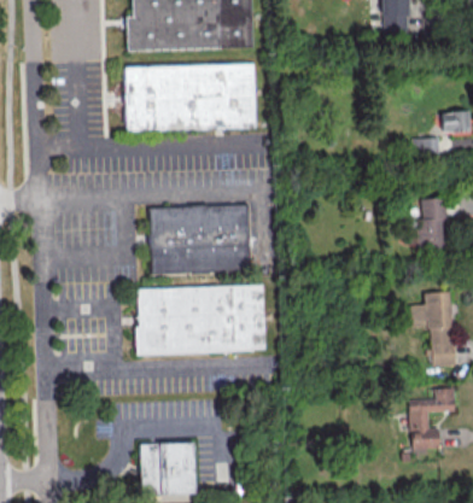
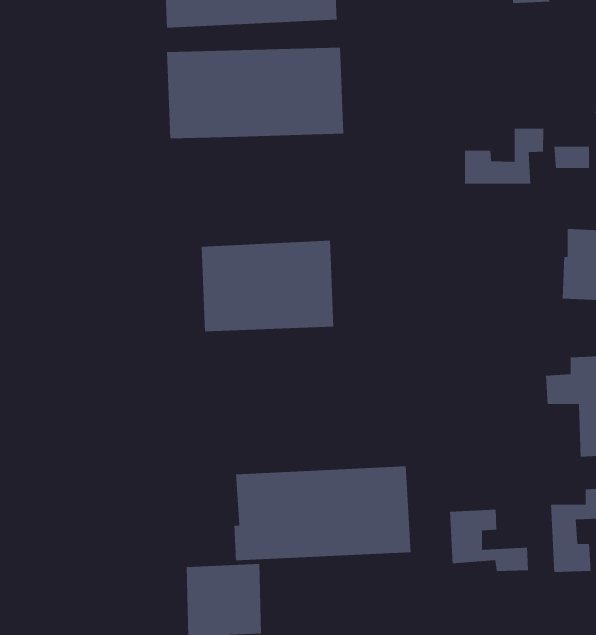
building: none -> [464,128,544,185]
building: [138,285,268,355] -> [234,465,412,561]
building: none -> [449,509,529,572]

